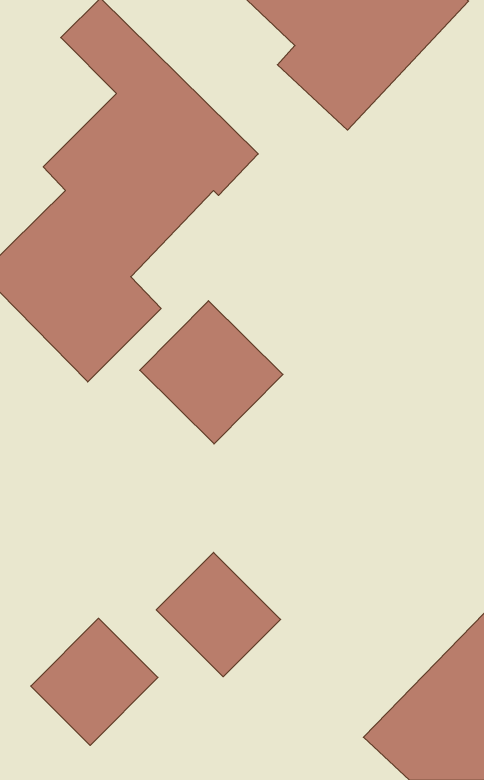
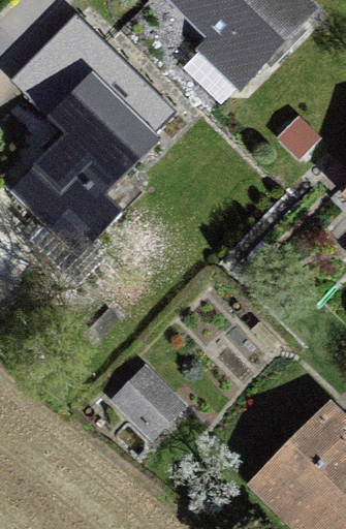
building: [140,301,283,444] -> none
building: [31,618,158,745] -> none

